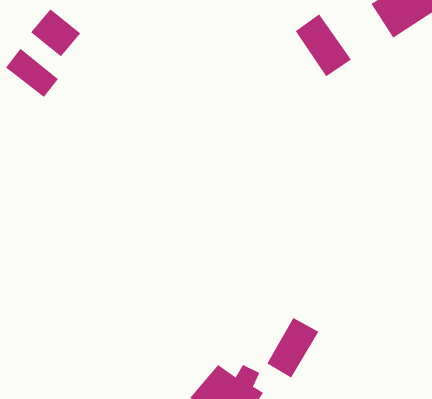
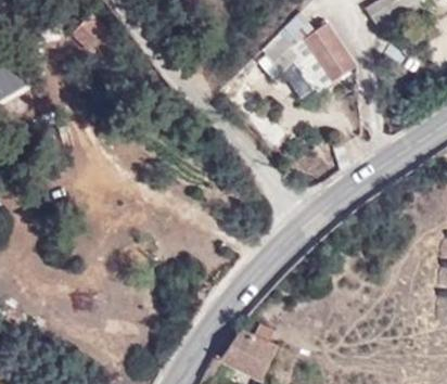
building: [5,48,59,98] -> none
building: [266,317,319,379] -> none

